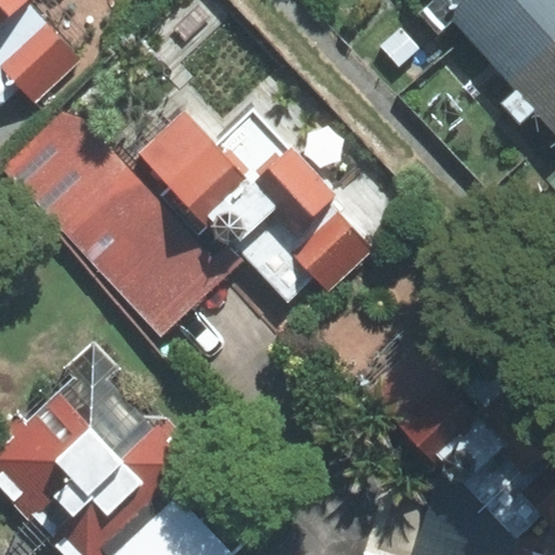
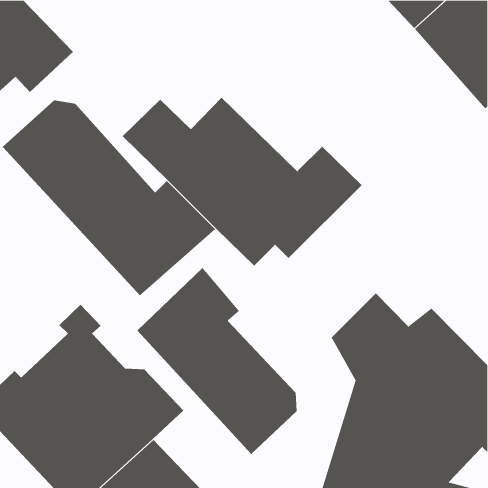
building: none -> [137,267,297,455]

